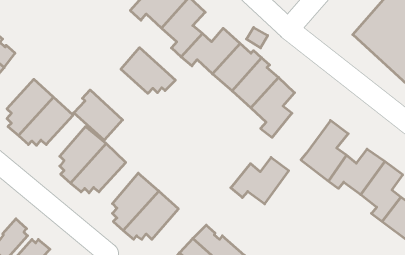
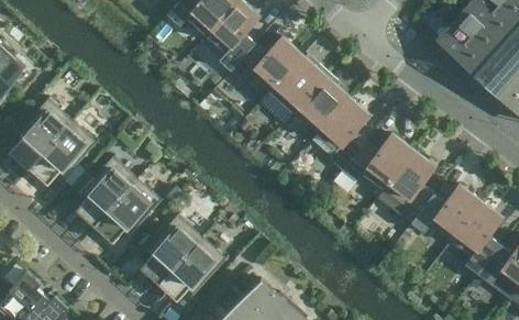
building: [121,48,175,93] -> none
building: [74,90,123,140] -> none
building: [231,157,289,204] -> [342,134,413,191]

